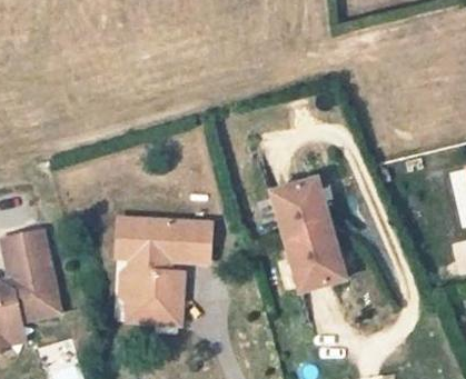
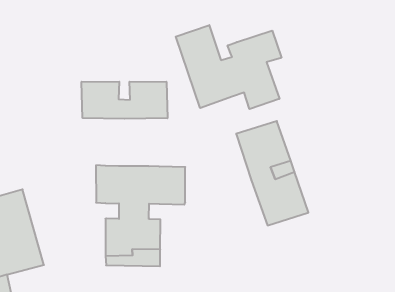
building: none -> [176,25,281,109]
building: none -> [82,82,167,119]

